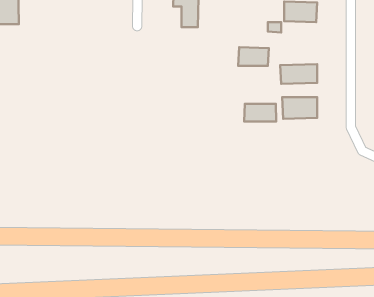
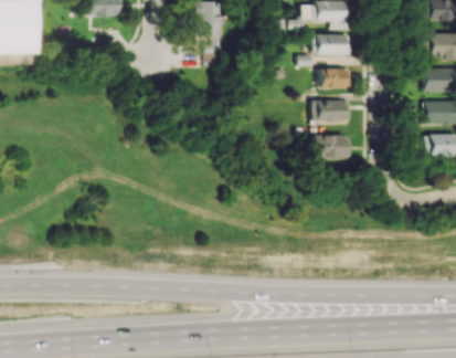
building: [238,47,269,66] -> [319,69,352,88]
building: [244,104,276,121] -> none

